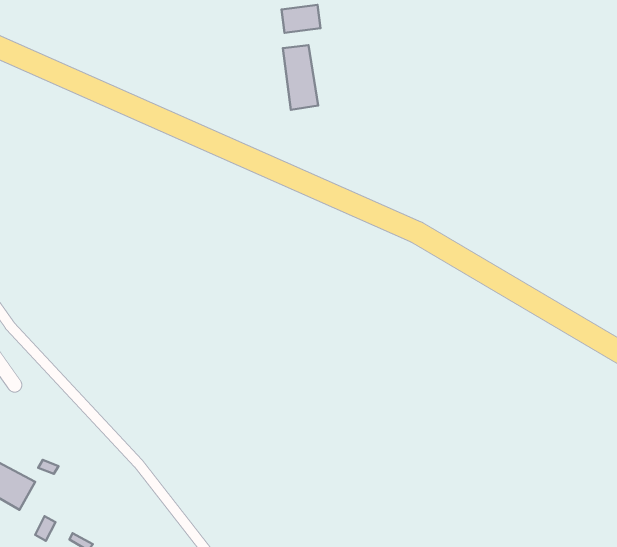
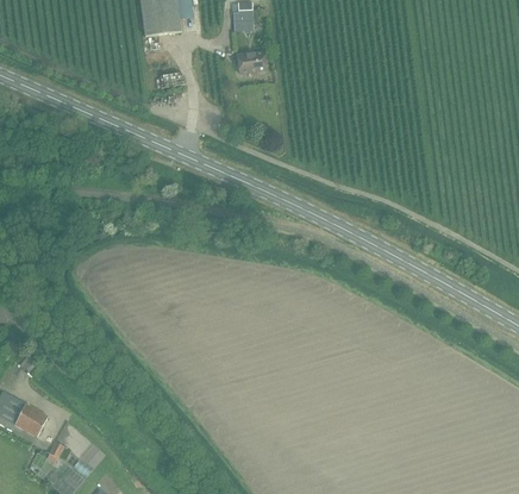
building: [283,45,318,110] -> none

